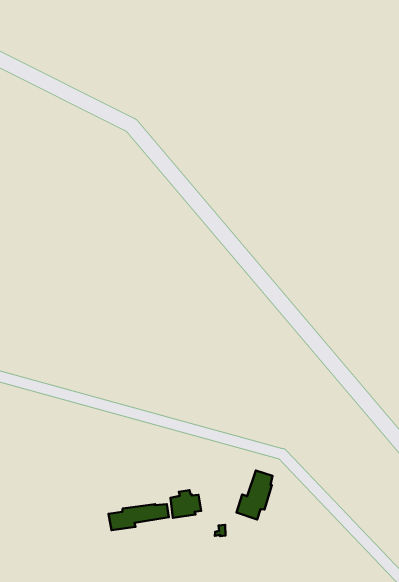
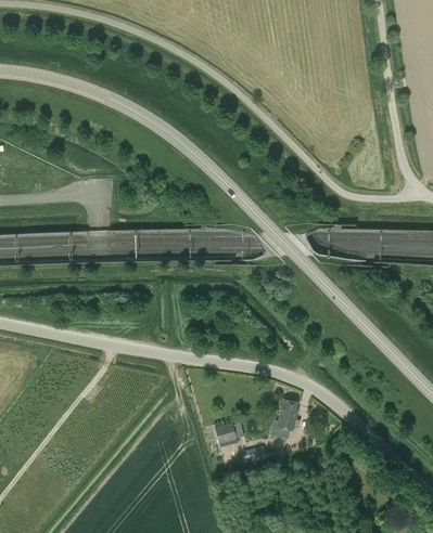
building: [109,504,169,530] -> none

